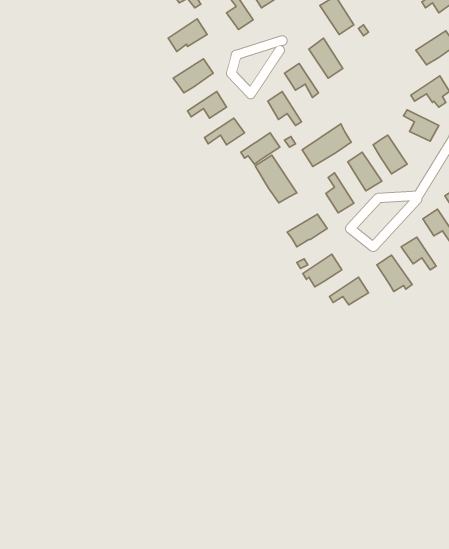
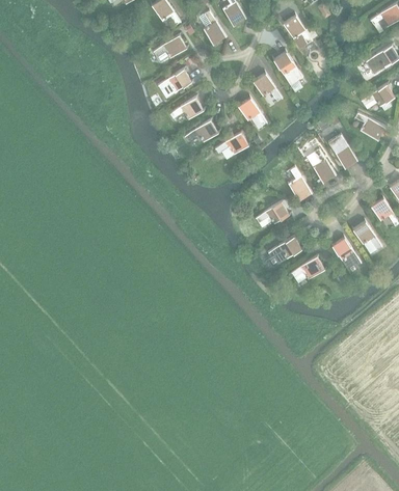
building: [302,124,351,167] -> none
building: [255,155,297,203] -> none

